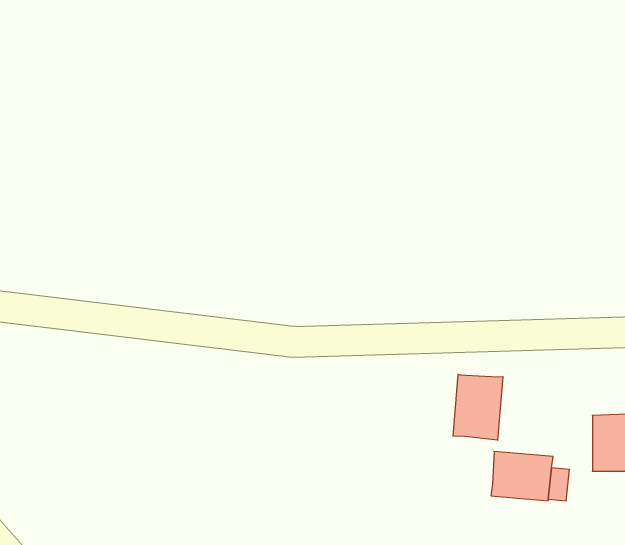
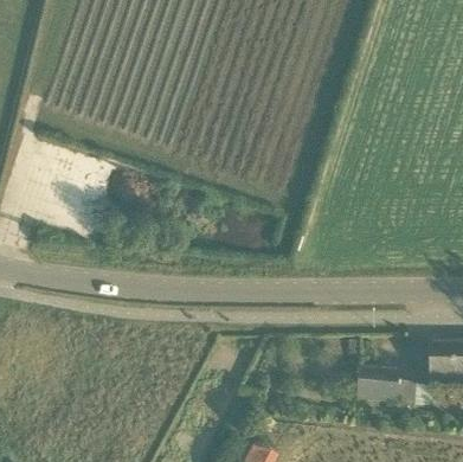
building: [453,374,503,440] -> none

